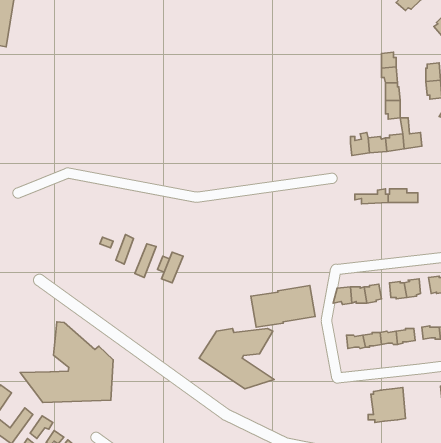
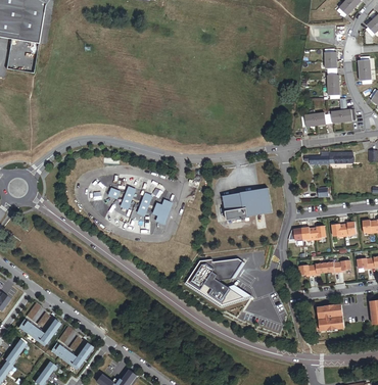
building: [251,286,315,327] -> [224,188,273,220]
building: [20,322,113,402] -> none

